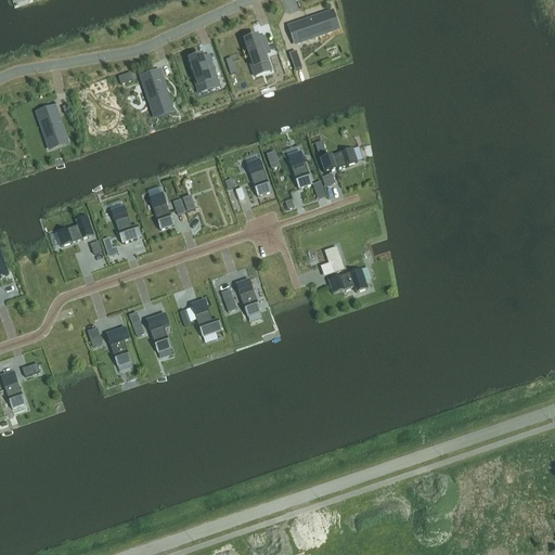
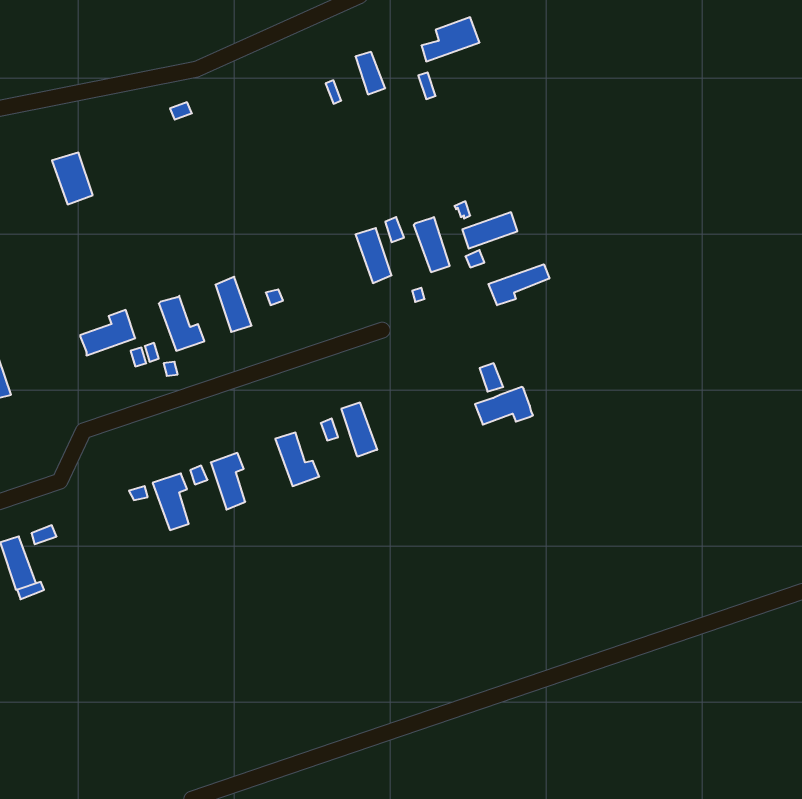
building: [194,51,220,88] -> none
building: [140,69,169,108] -> none
building: none -> [488,264,549,305]

